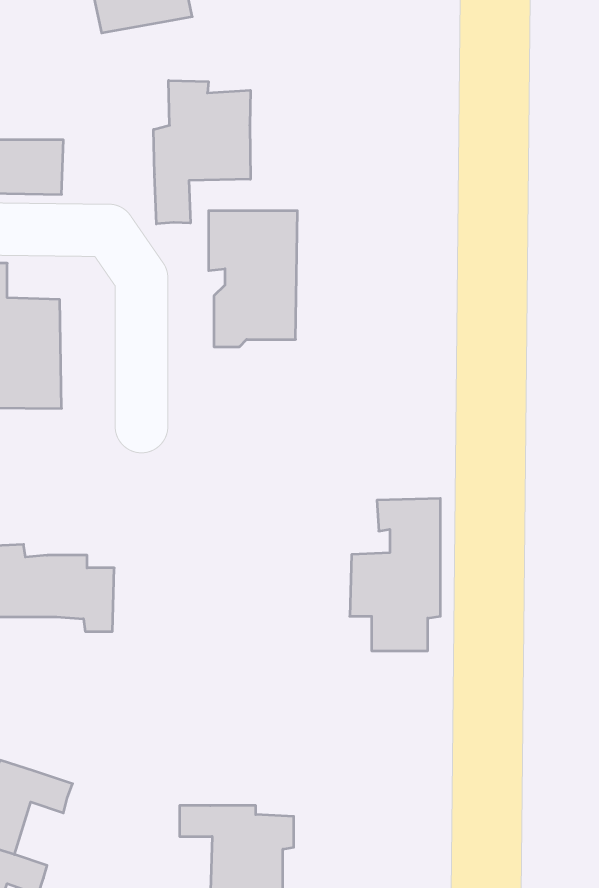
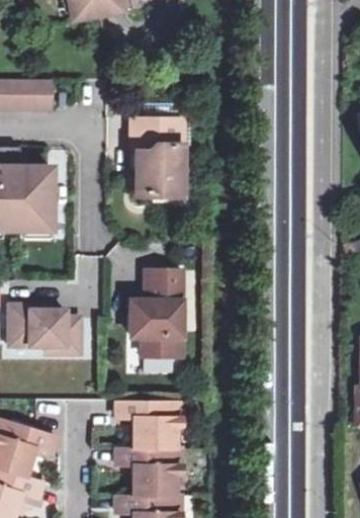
building: [154,80,250,224] -> none
building: [350,498,440,651] -> [128,270,179,355]
building: none -> [114,400,178,450]

